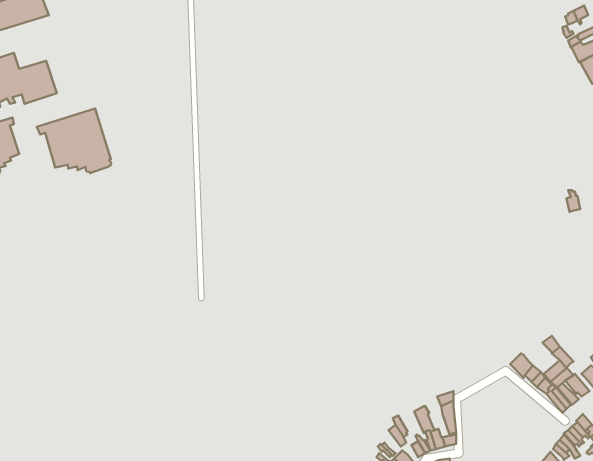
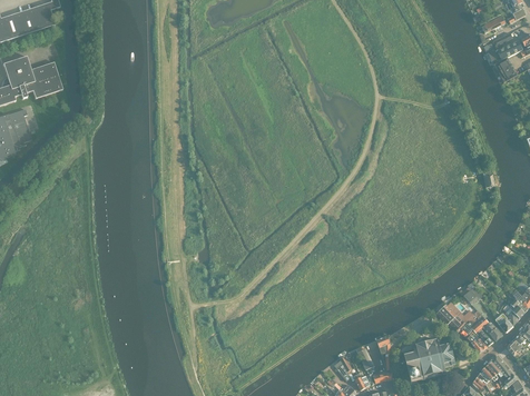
building: [37,109,111,173] -> none
building: none -> [402,337,454,382]

